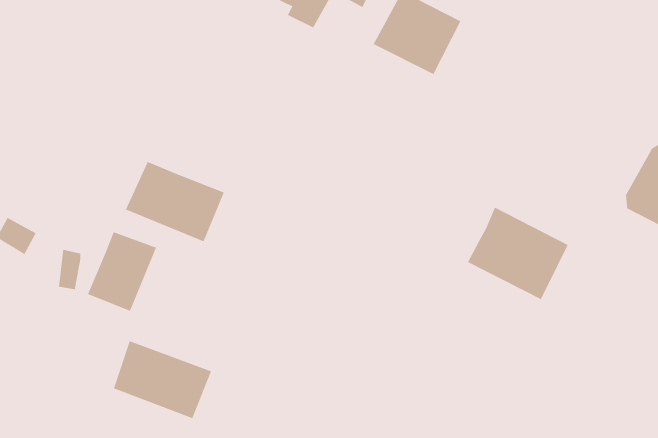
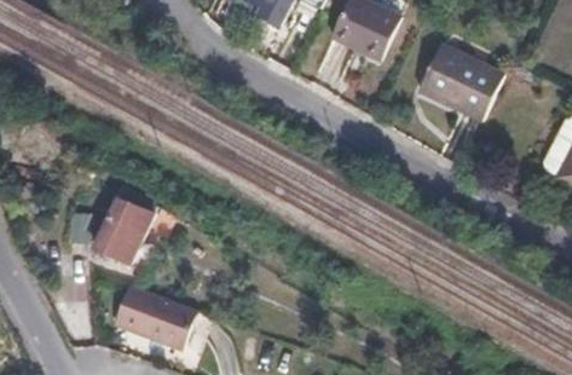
building: [125,161,225,242] -> none
building: [467,207,569,300] -> [418,42,503,120]

